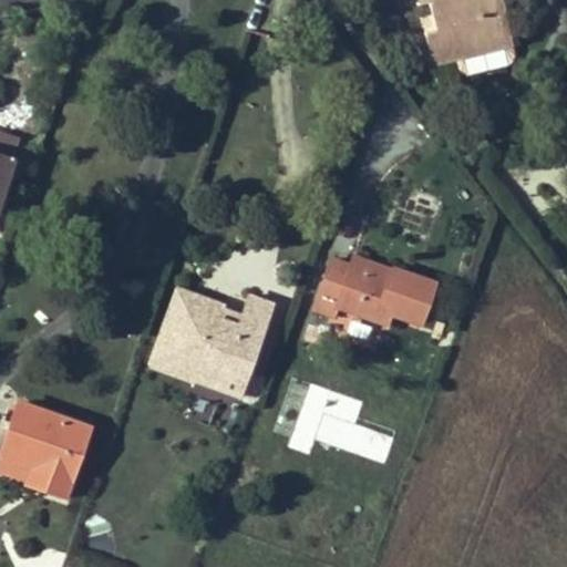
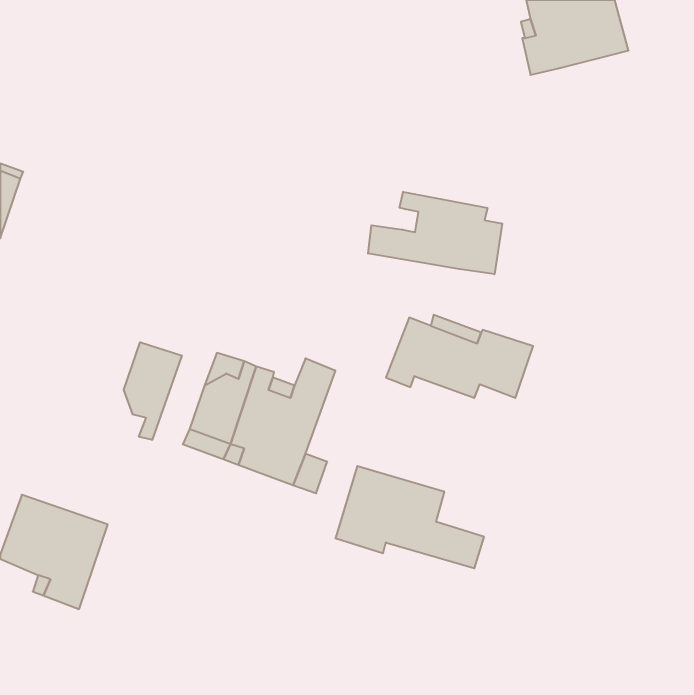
building: none -> [368,192,502,274]
building: none -> [124,342,182,440]

